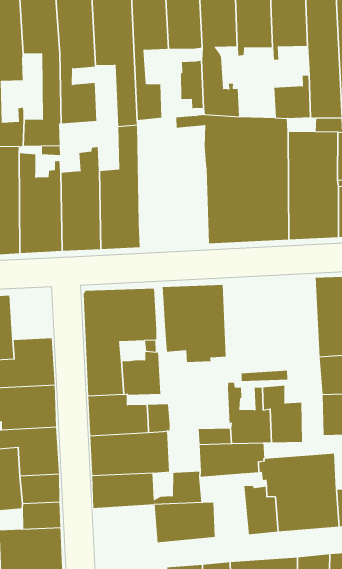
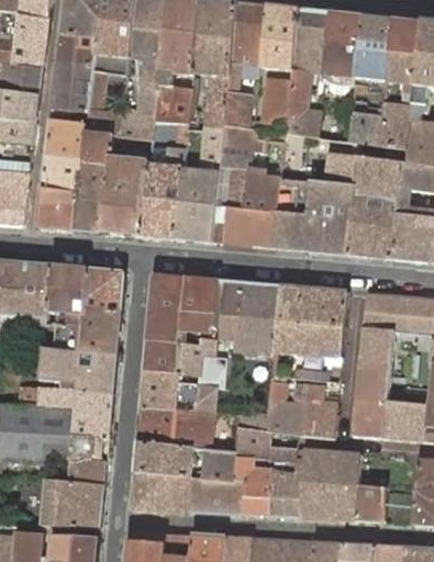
building: none -> [211,126,280,247]
building: none -> [275,285,348,358]
building: none -> [84,268,124,312]
building: none -> [234,457,274,515]
building: none -> [131,471,190,510]

